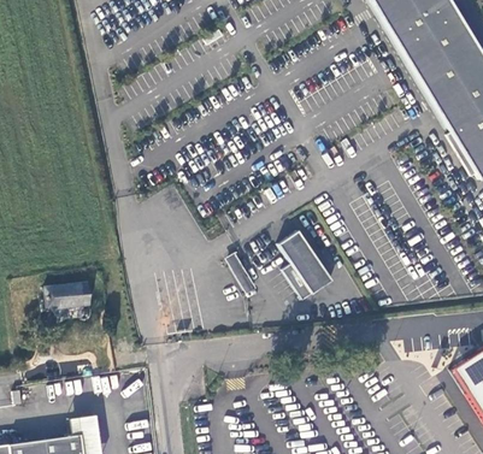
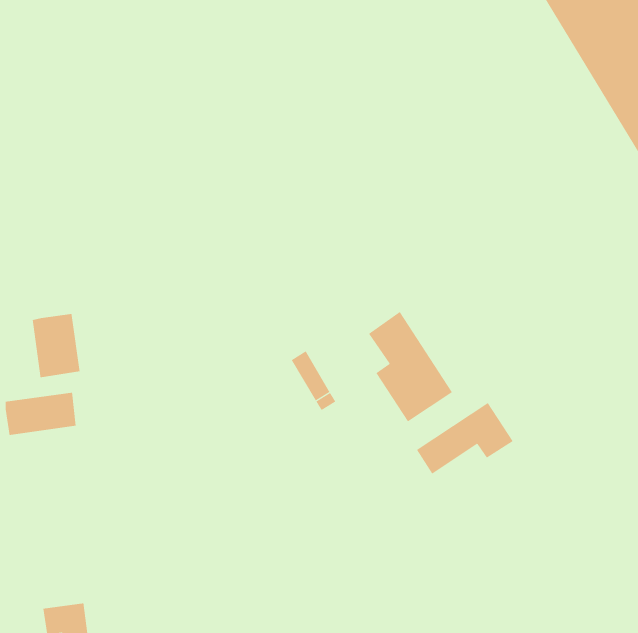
building: none -> [32,313,80,378]
building: none -> [416,402,513,475]

